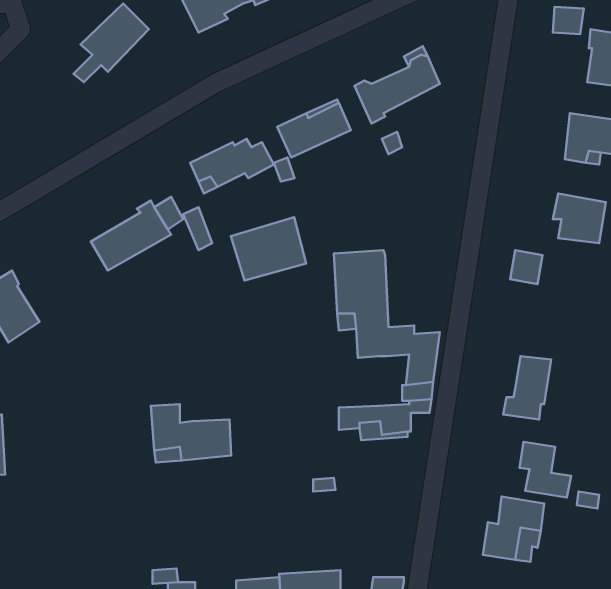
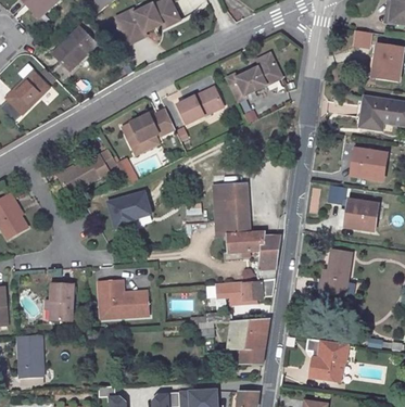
building: none -> [7,71,48,113]
building: [231,217,306,281] -> [104,188,152,228]
building: none -> [339,200,378,231]
building: none -> [49,284,73,321]
building: [519,442,571,497] -> none
building: none -> [227,318,268,364]
building: none -> [17,335,42,377]

